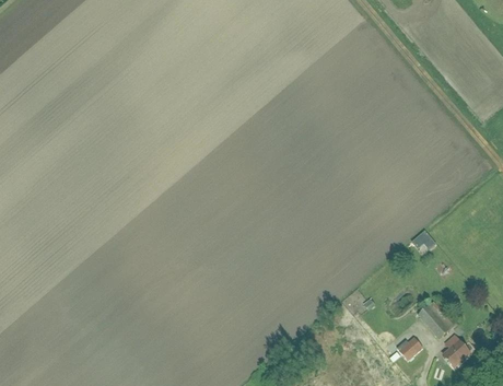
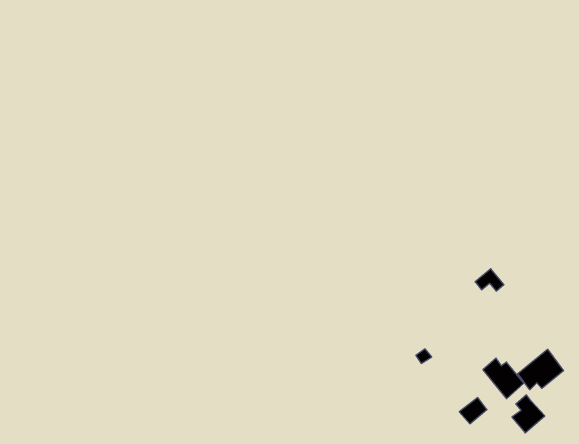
building: none -> [518,349,563,390]

